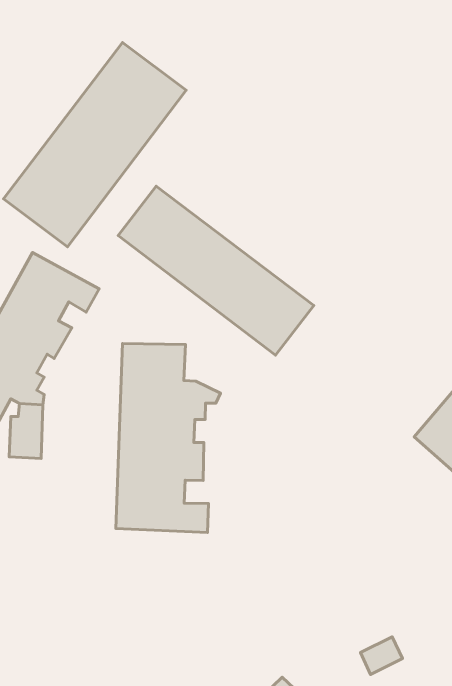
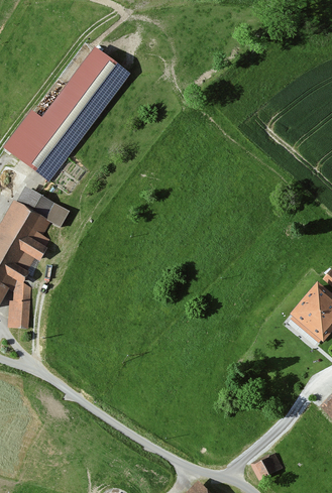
building: [118,186,314,355] -> none
building: [116,343,221,532] -> none

